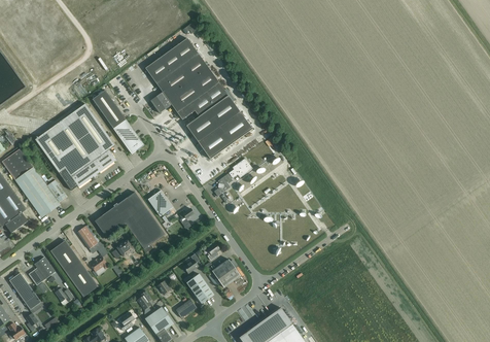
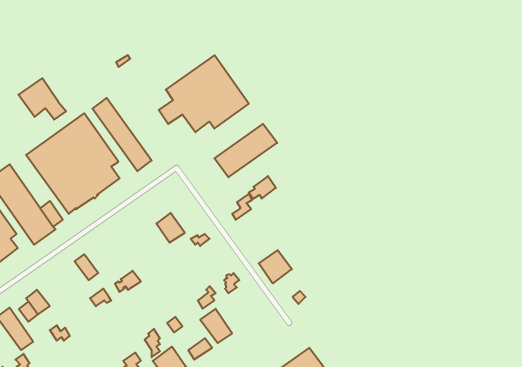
building: [145,38,199,83] -> none
building: none -> [18,78,66,120]
building: [186,96,241,143] -> none
building: [95,193,165,249] -> none
building: [50,241,99,298] -> none
building: [212,260,241,288] -> [259,250,292,283]

